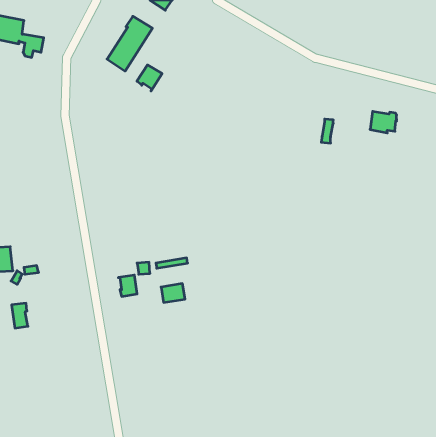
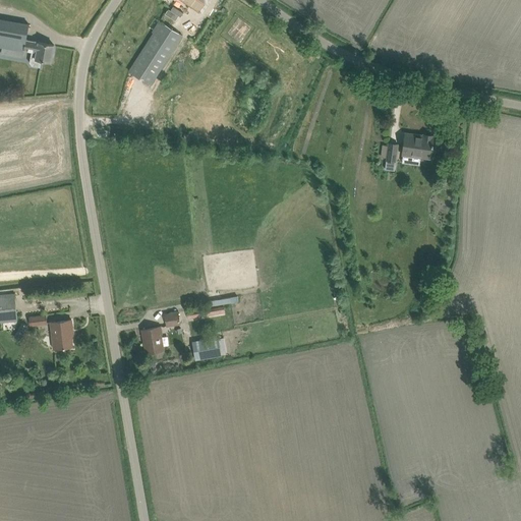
building: [137,65,162,91] -> none
building: [370,111,397,133] -> [399,135,430,161]
building: [12,303,28,328] -> [52,321,71,350]

